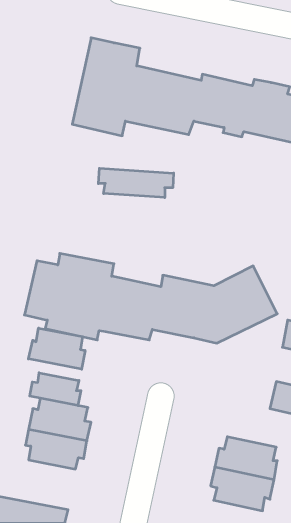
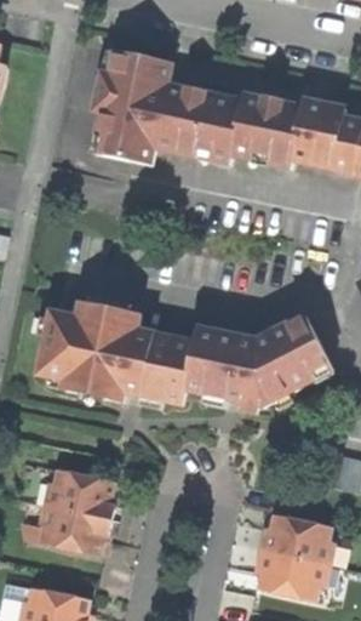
building: [98,168,174,198] -> none
building: [28,328,85,369] -> none
building: [30,373,81,406] -> none

